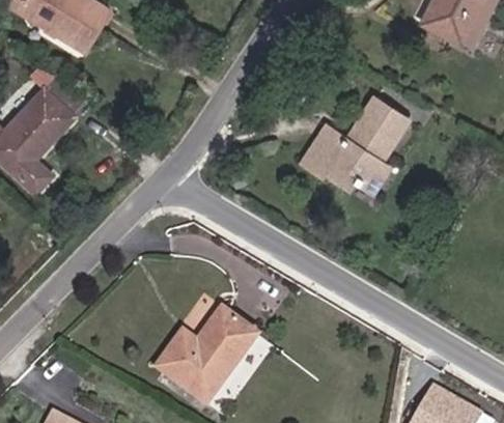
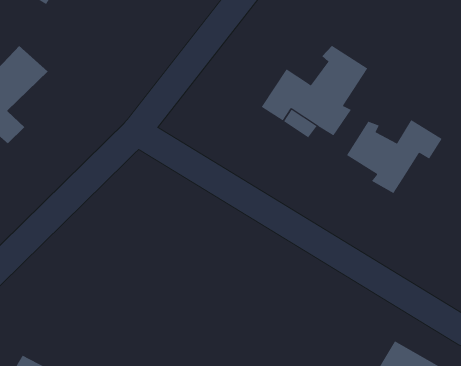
building: none -> [346,119,443,194]
building: [158,308,259,401] -> none

